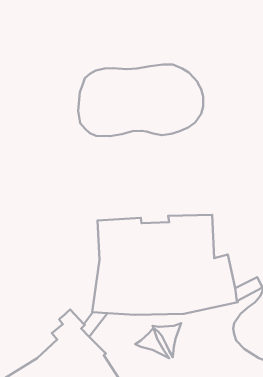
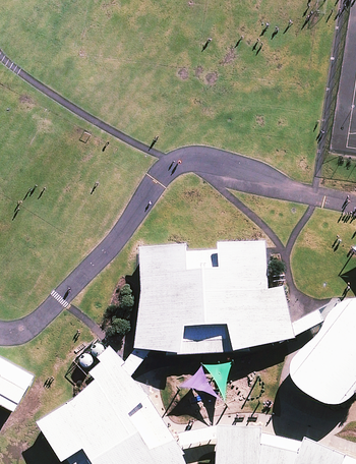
building: [78,65,203,136] -> none

